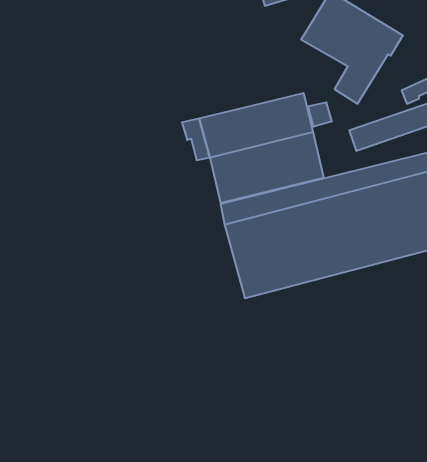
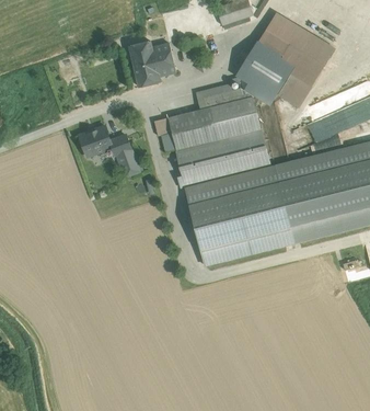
building: none -> [129,41,176,87]
building: none -> [240,53,289,94]
building: none -> [195,83,253,110]
building: none -> [79,126,140,179]

